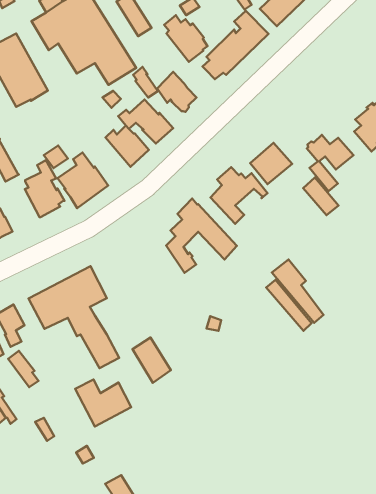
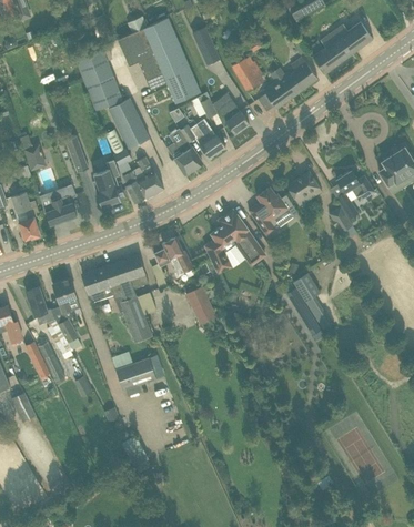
building: none -> [108,97,149,148]
building: none -> [154,236,193,275]
building: [133,338,171,383] -> [185,285,215,324]

